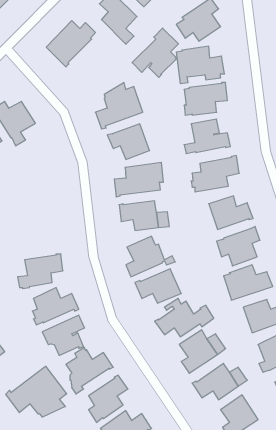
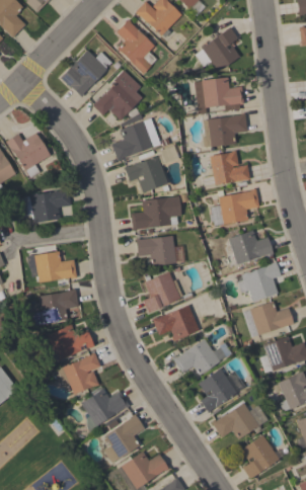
building: [132,28,178,77] -> [93,70,141,120]
building: none -> [24,189,71,223]
building: none -> [34,251,77,282]
building: [6,366,67,417] -> none

